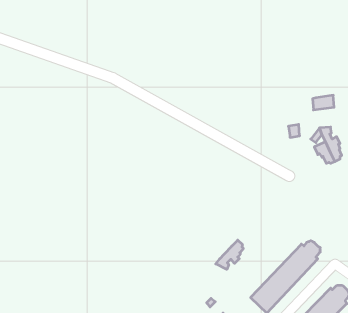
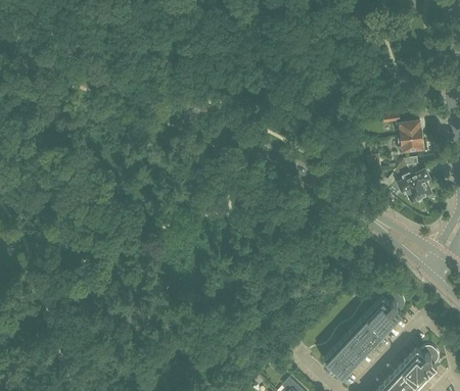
building: none -> [396,135,423,152]
building: [216,240,243,269] -> none

